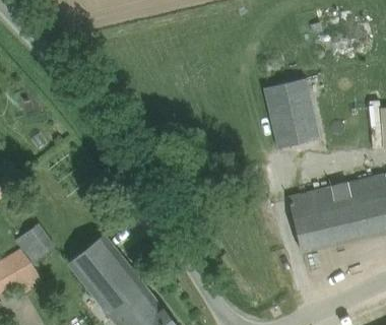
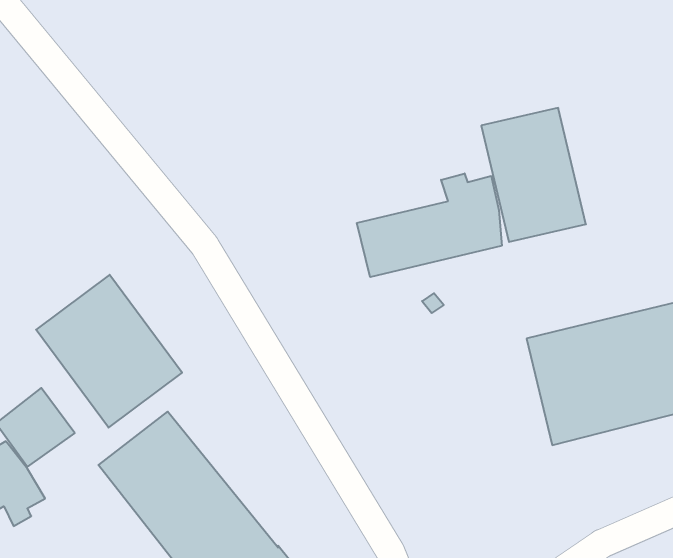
building: none -> [357,173,502,277]
building: none -> [36,275,182,428]

